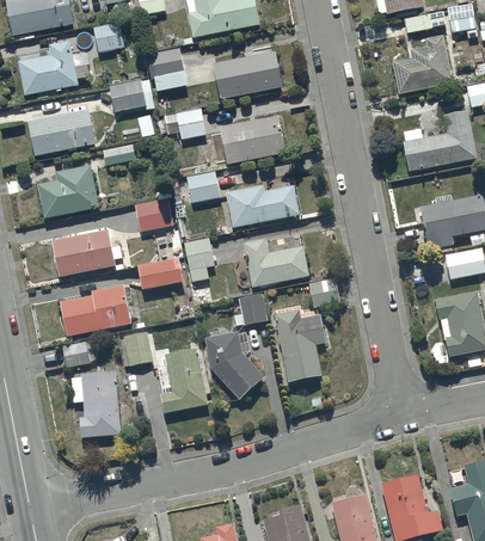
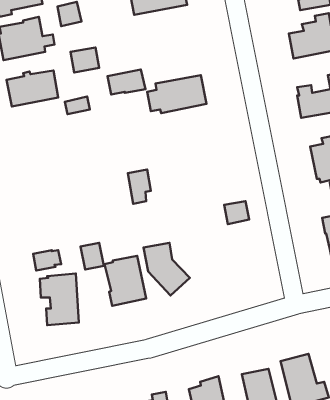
building: [146,47,186,91] -> none
building: [213,50,282,99] -> none
building: [37,164,99,219] -> none
building: [186,170,221,202] -> none
building: [226,184,300,227] -> none
building: [134,197,173,230] -> none
building: [51,229,122,276] -> none
building: [242,239,309,287] -> none
building: [137,257,184,290] -> none
building: [60,284,131,336] -> none
building: [234,293,268,325] -> none
building: [274,309,326,382] -> none

